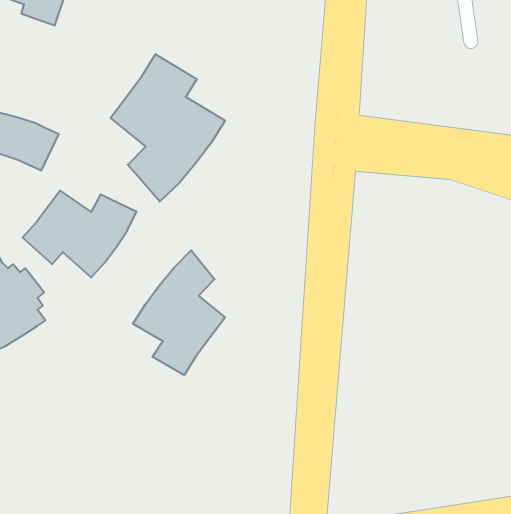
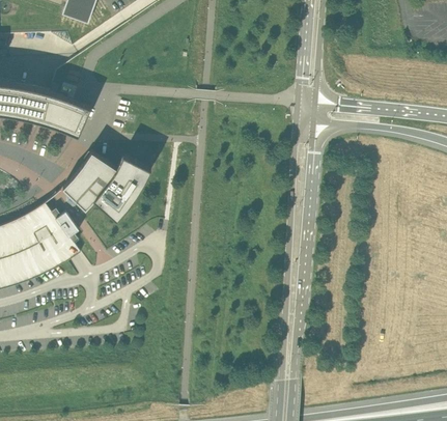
building: [111,54,225,202] -> none
building: [133,250,225,375] -> none

